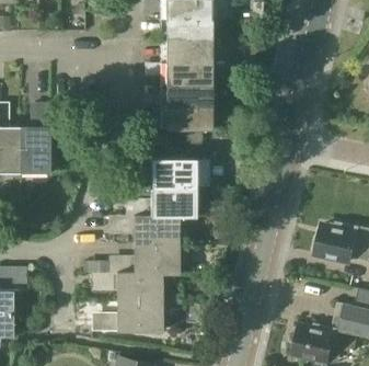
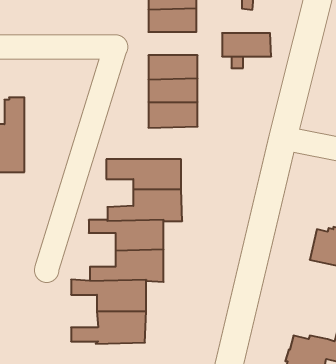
building: [164,39,210,61] -> [222,33,271,56]

